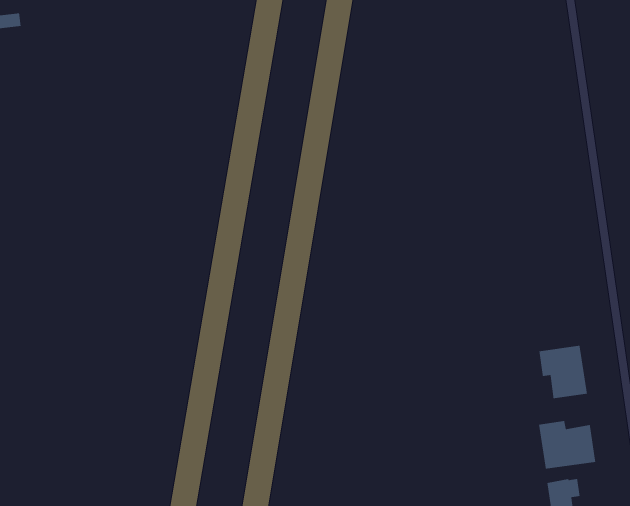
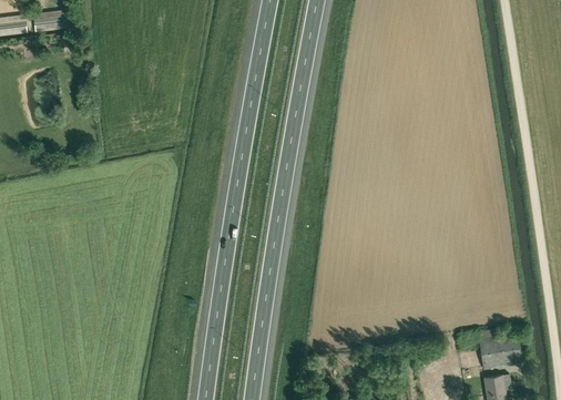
building: [538,345,588,399] -> none

